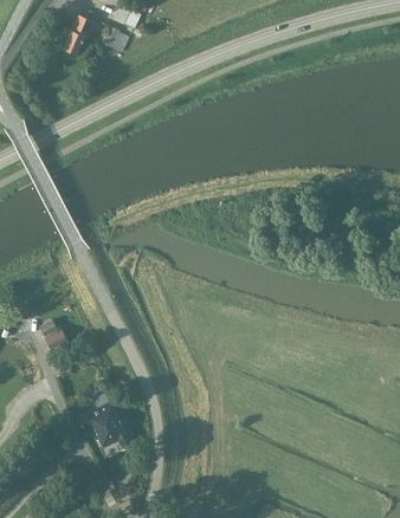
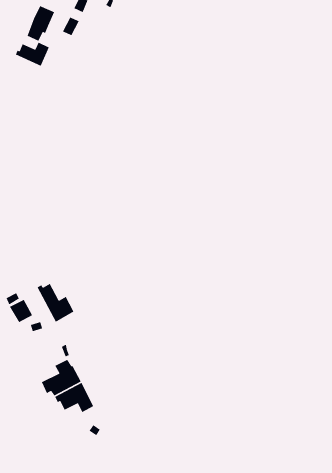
building: none -> [15,42,50,67]
building: none -> [36,283,75,323]

